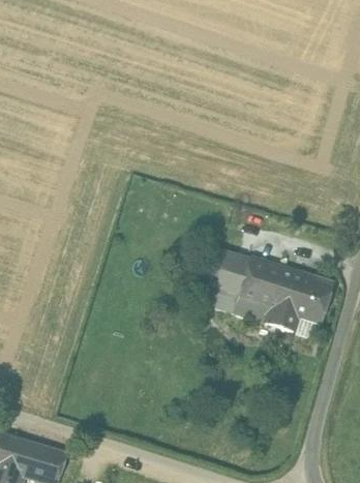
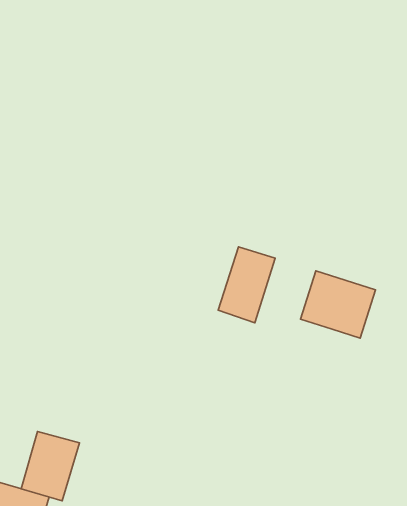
building: [234,256,298,330] -> none
building: none -> [21,431,79,501]

